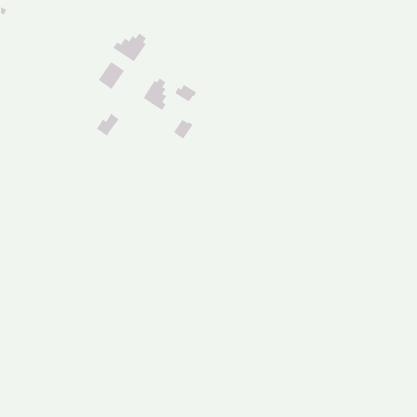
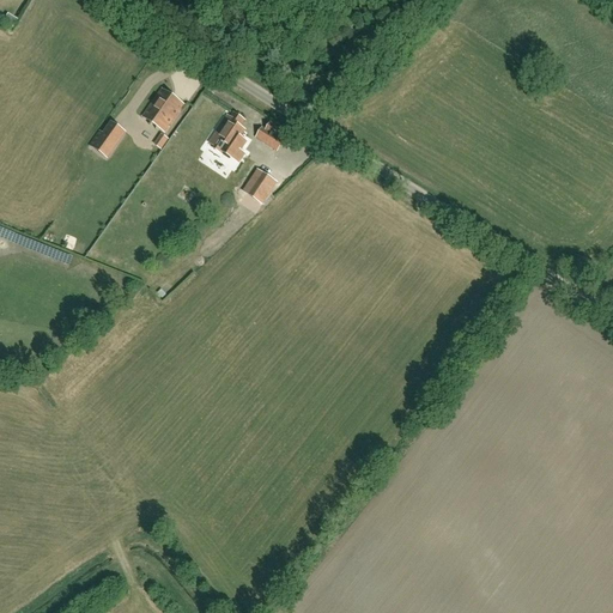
building: [113,33,147,62] -> none
building: [96,113,120,137] -> [90,123,125,158]

